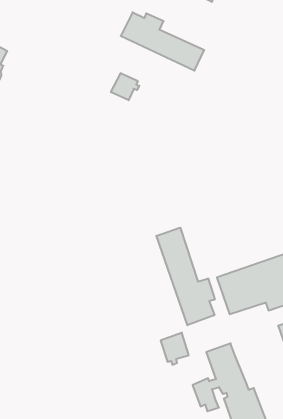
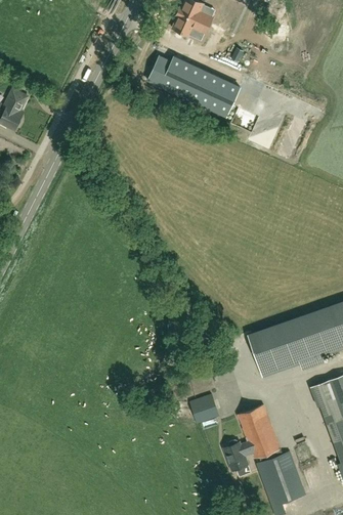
building: [111,73,139,100] -> none
building: [156,228,215,325] -> none

